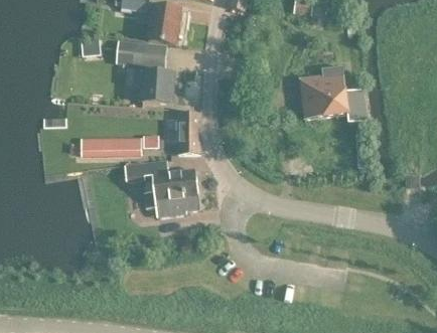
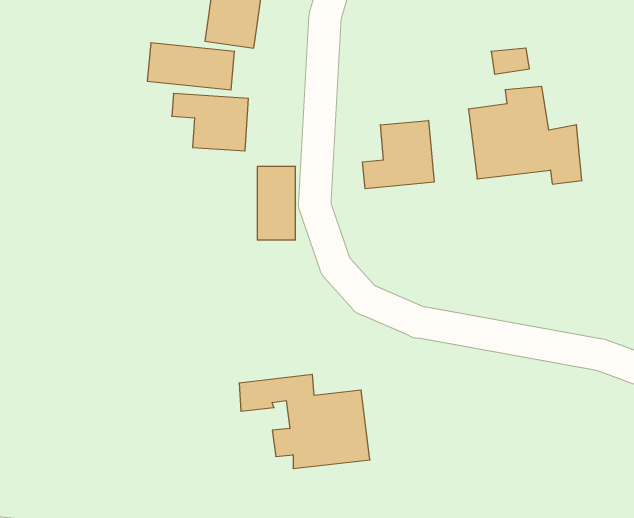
building: none -> [363,120,434,189]
building: [81,138,141,154] -> none
building: [125,160,200,214] -> [239,374,370,469]

